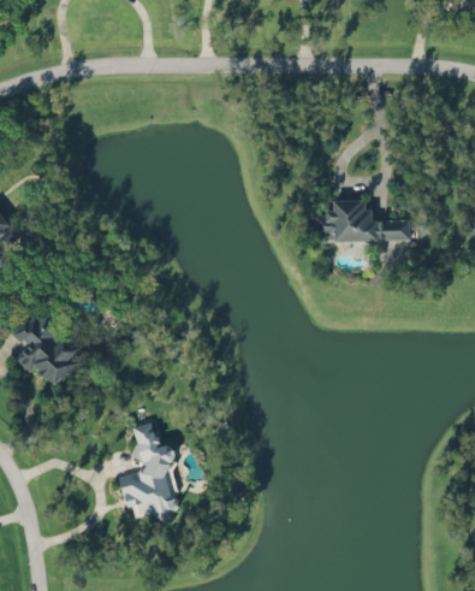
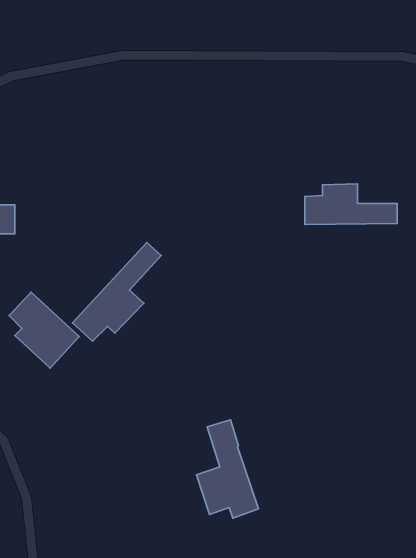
building: none -> [72,243,161,341]
building: [120,421,184,522] -> [196,420,258,518]

